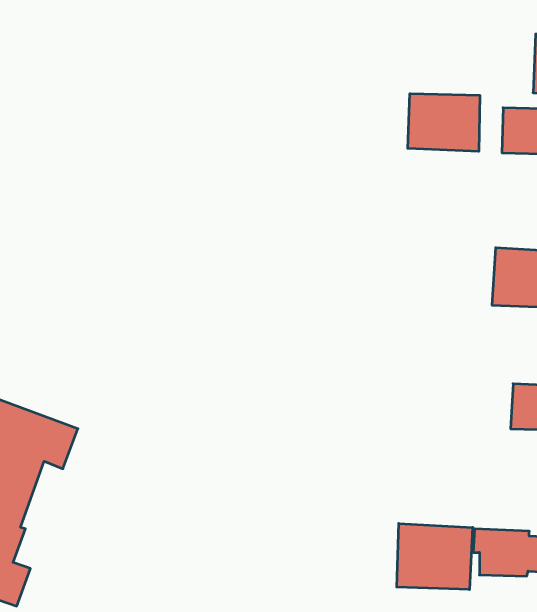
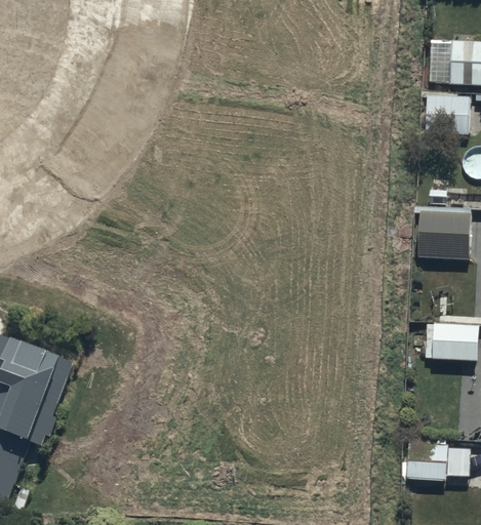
building: [408,94,480,151] -> none
building: [397,523,473,590] -> none

